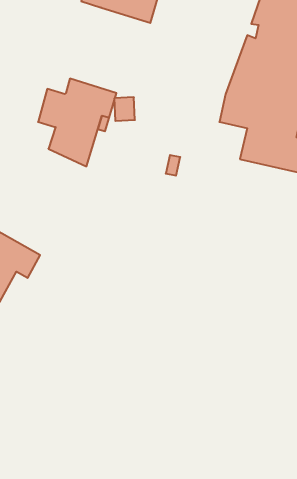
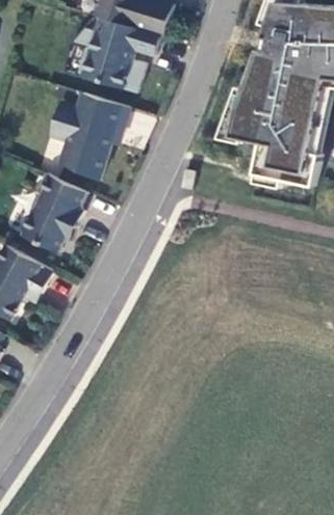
building: none -> [76,21,159,92]
building: none -> [19,172,85,251]

